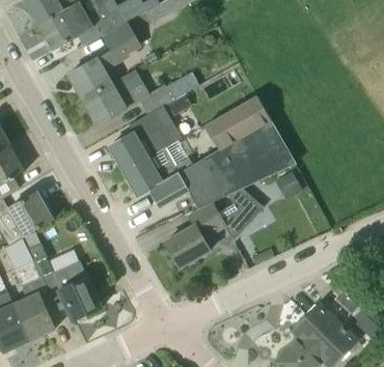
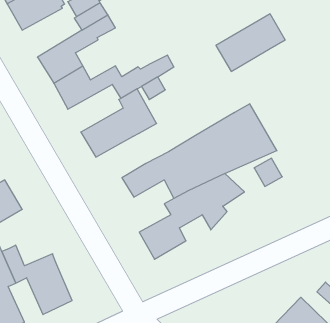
building: [204,95,271,150] -> [216,14,285,71]
building: [124,148,193,197] -> none

